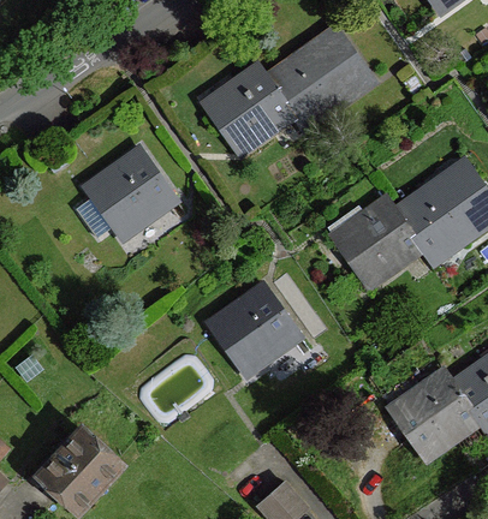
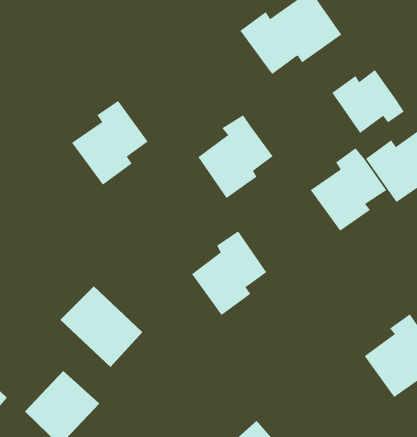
building: [208,65,287,153] -> [197,114,273,199]
building: none -> [331,69,404,134]
building: none -> [60,285,143,368]

